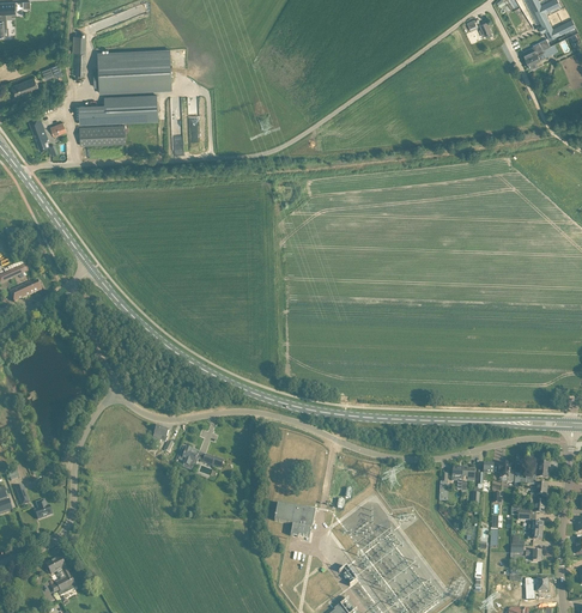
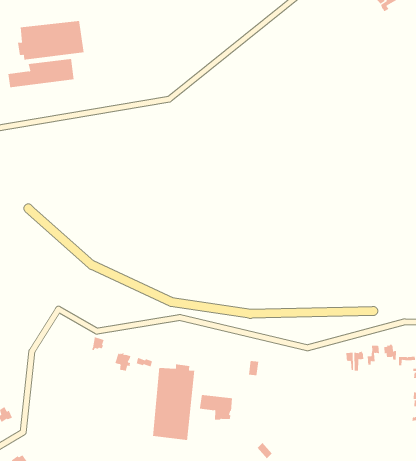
building: [79,126,125,145] -> none
building: none -> [153,363,195,441]

